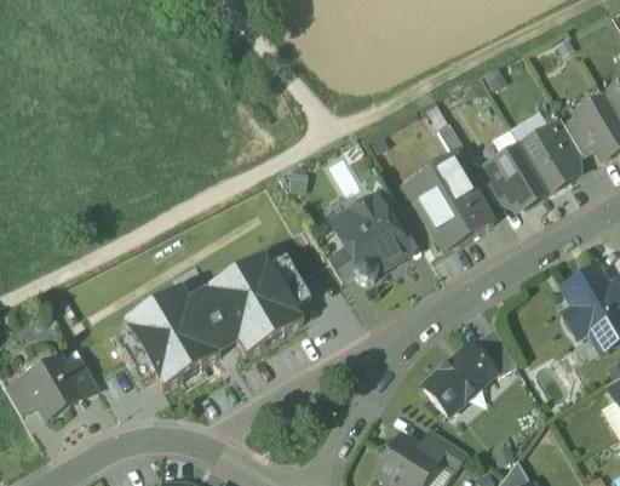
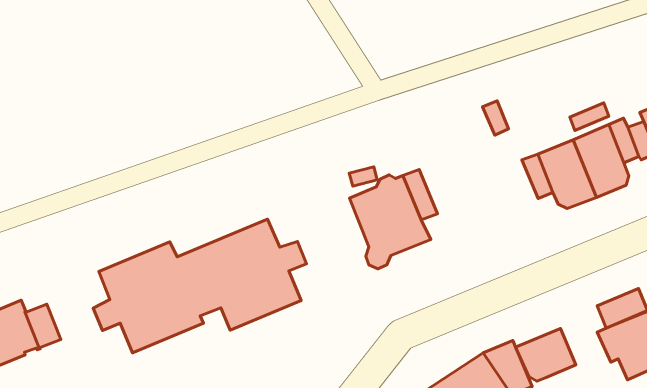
building: [406,156,493,252] -> none
building: none -> [516,328,576,381]

